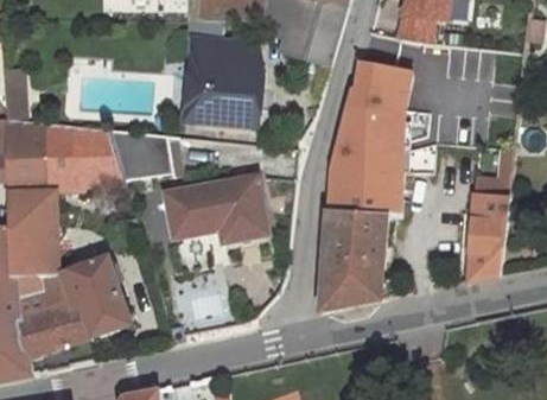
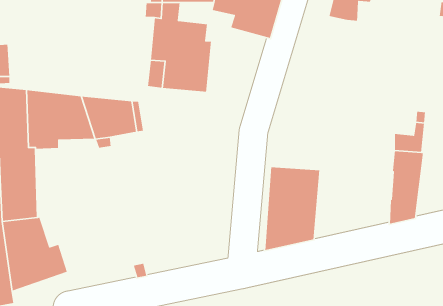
building: [330,62,412,216] -> none
building: [166,174,268,241] -> none
building: [61,256,132,336] -> none

